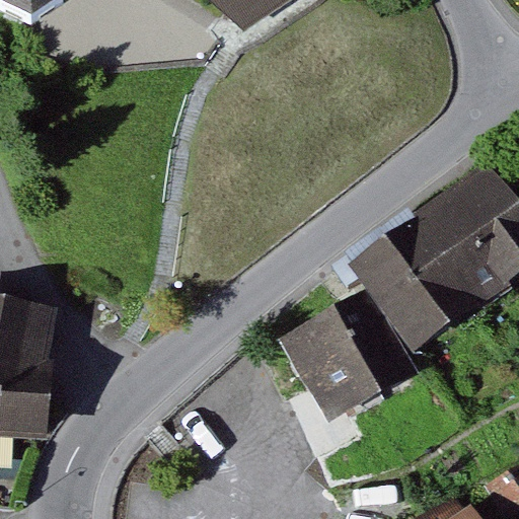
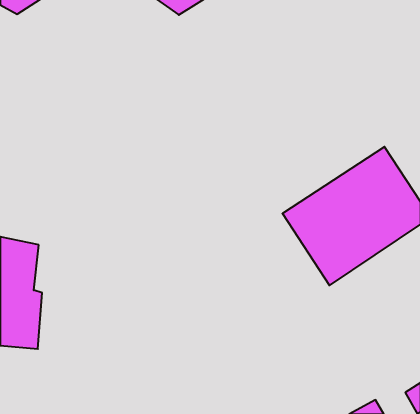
building: [275,304,388,417] -> none

